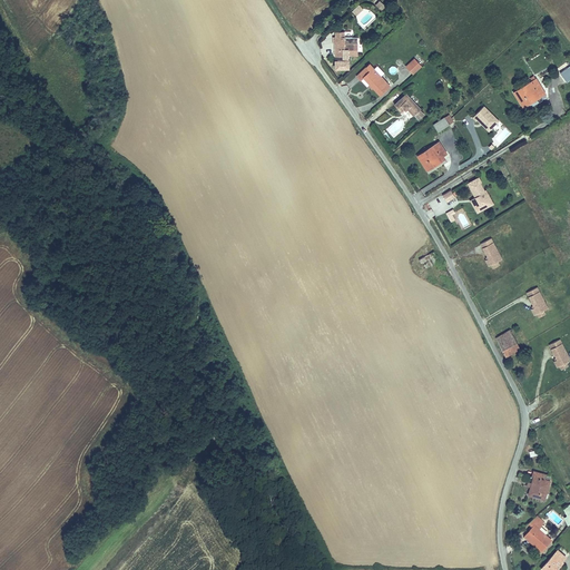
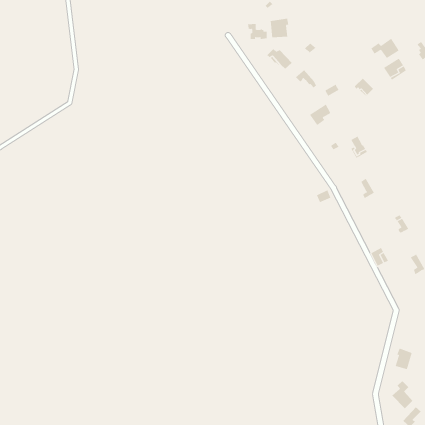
building: none -> [270,18,289,38]
building: none -> [370,38,399,59]

